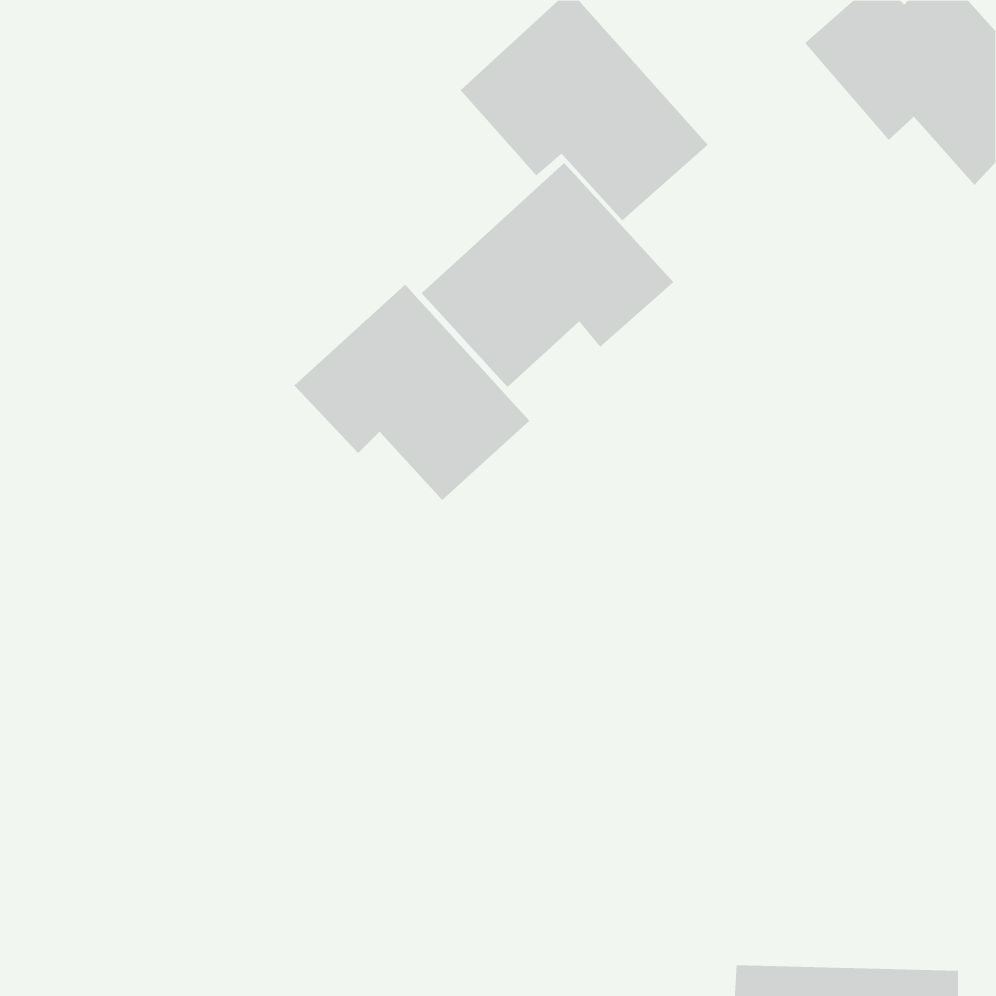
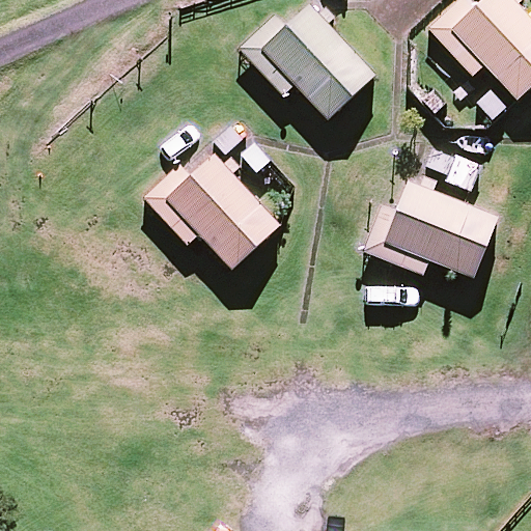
building: [421,162,674,388] -> none
building: none -> [361,180,497,277]

